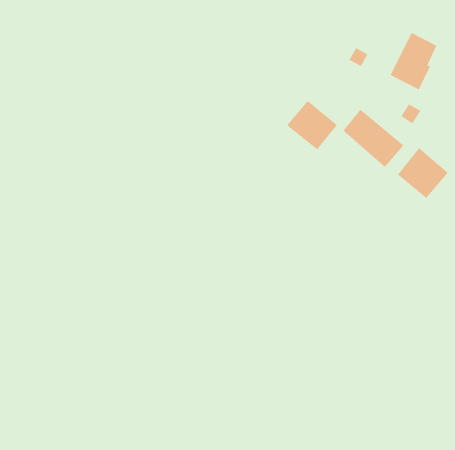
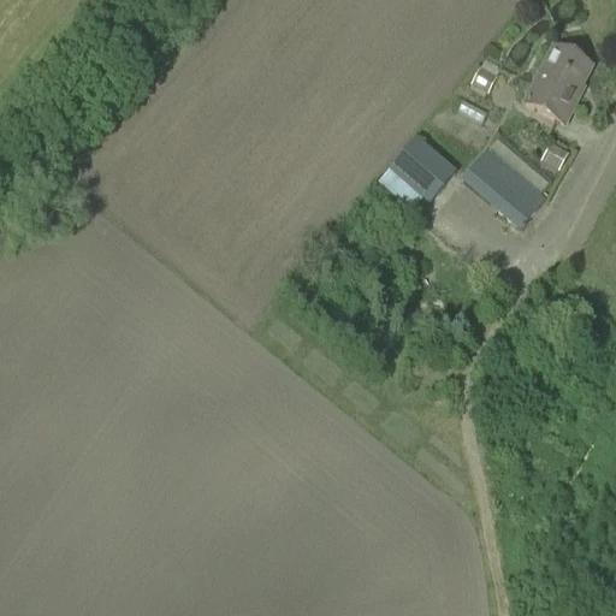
building: [397,147,448,199] -> none

